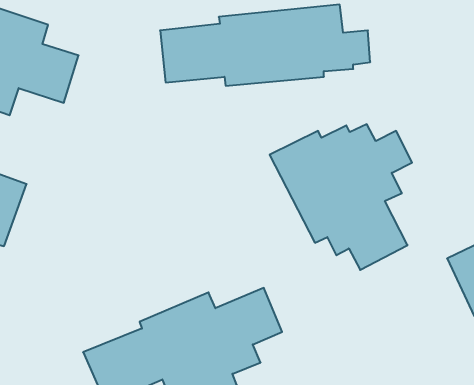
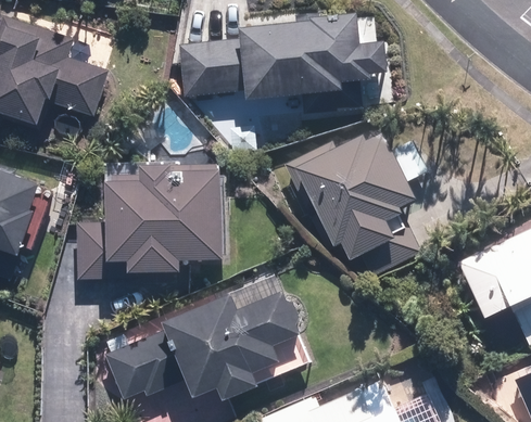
building: none -> [79,166,219,277]

